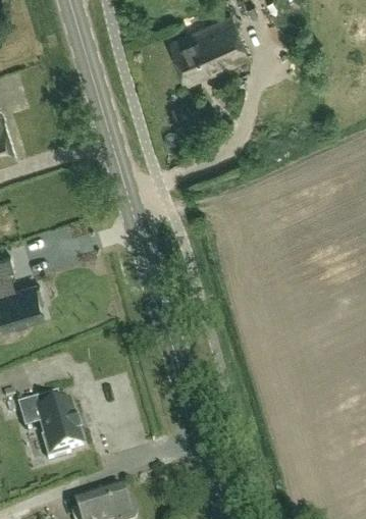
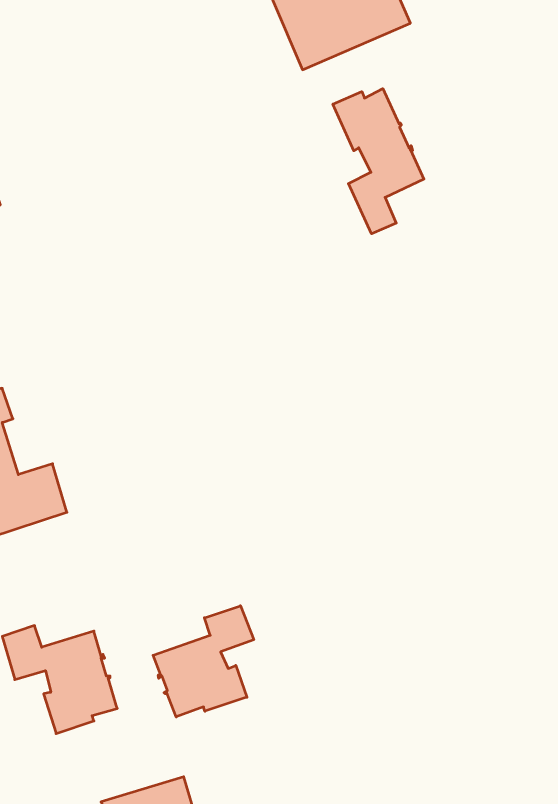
building: none -> [333,89,424,234]
building: none -> [153,606,254,717]

